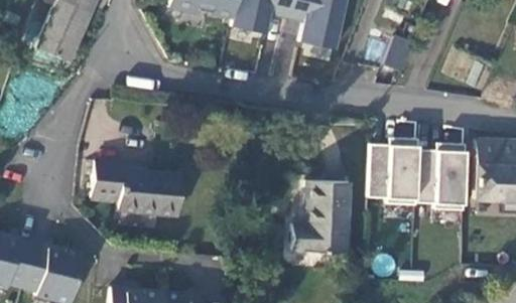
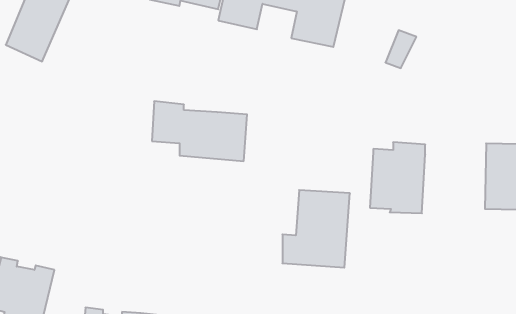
building: [417,143,469,211] -> none
building: [96,160,182,214] -> [152,101,247,161]

